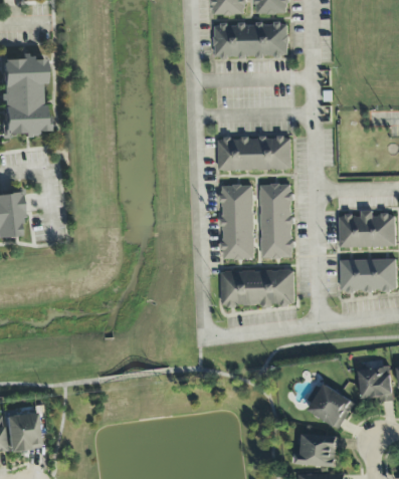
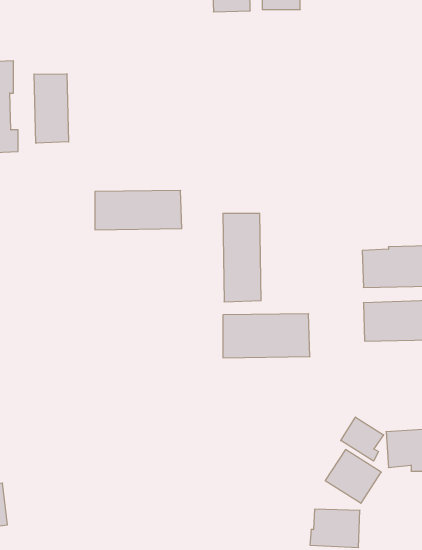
building: [213,23,287,56] -> none
building: none -> [34,74,69,143]
building: [218,137,291,170] -> [95,190,182,230]
building: [260,184,292,258] -> none
building: none -> [341,417,384,461]

